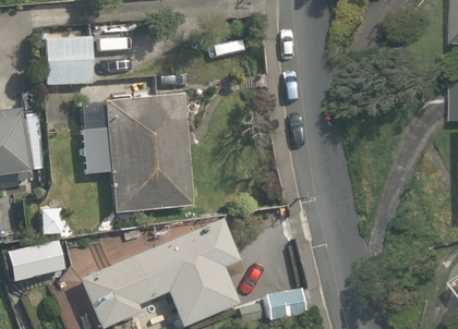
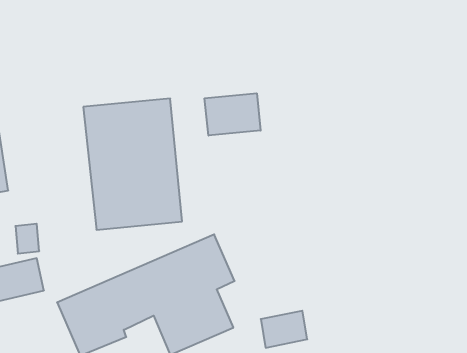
building: [45,37,93,84] -> none
building: none -> [205,93,261,136]

